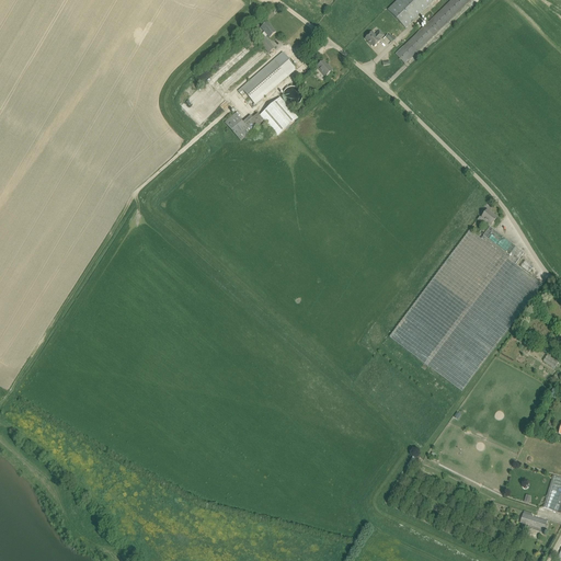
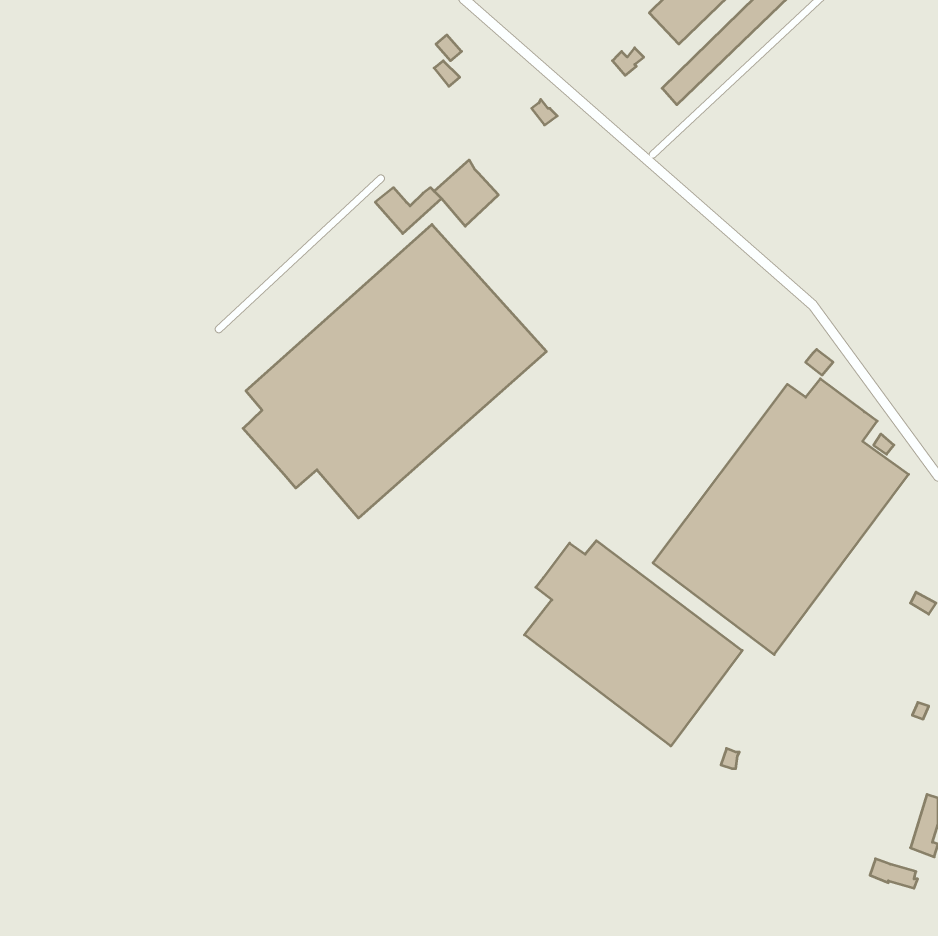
building: [238,50,296,105] -> none
building: none -> [243,224,546,518]
building: none -> [524,541,742,746]

